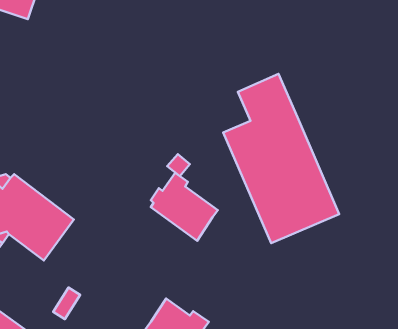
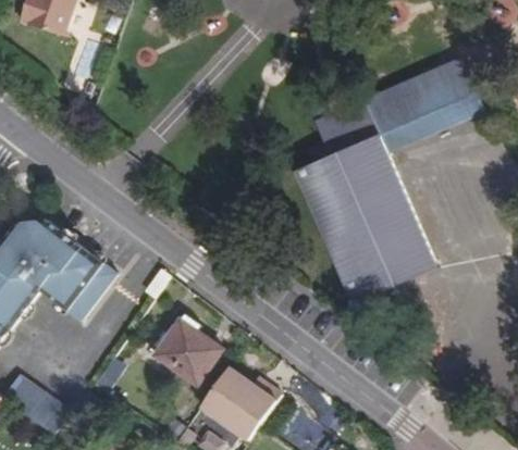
building: none -> [363,58,484,151]
building: [151,173,218,241] -> [155,315,235,397]

